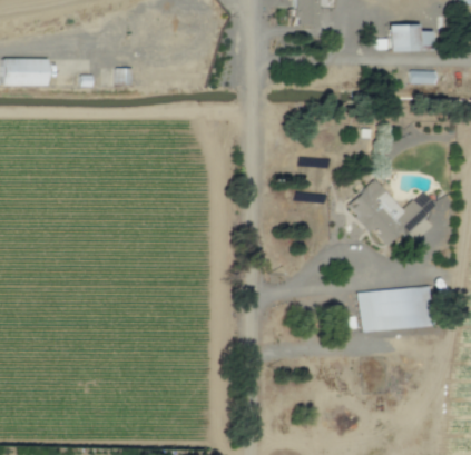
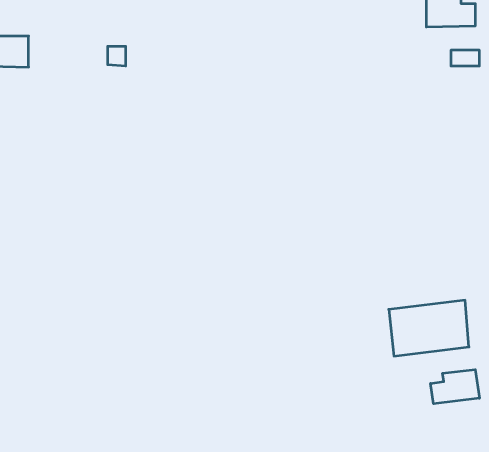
building: [347,180,438,246] -> none
building: none -> [431,370,479,404]

